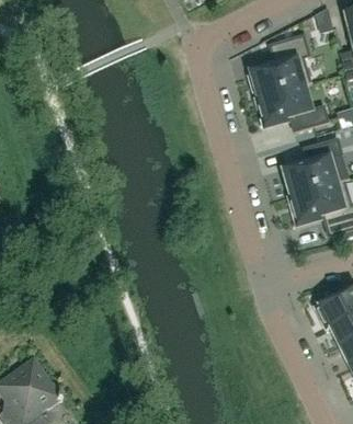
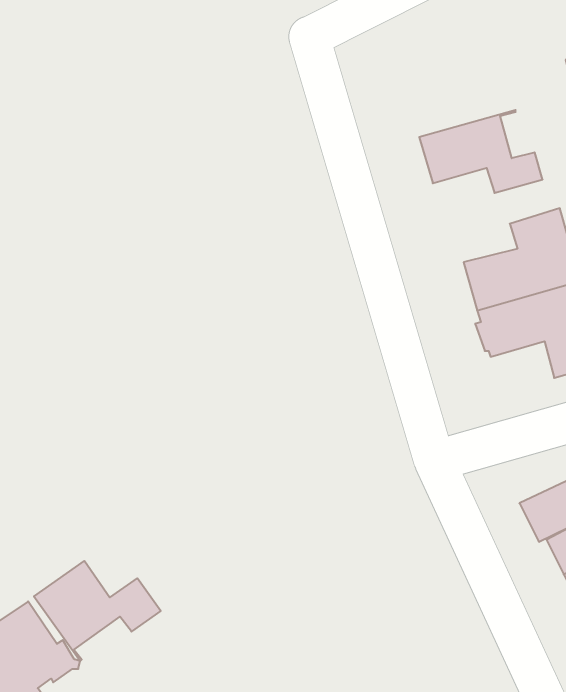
building: [248,32,311,94] -> none
building: none -> [34,561,161,661]

